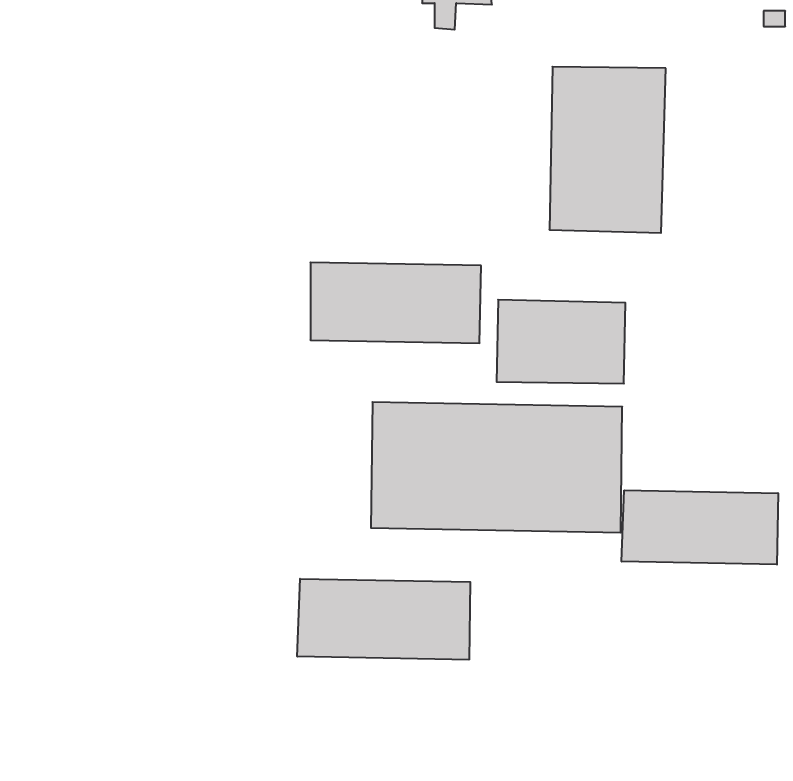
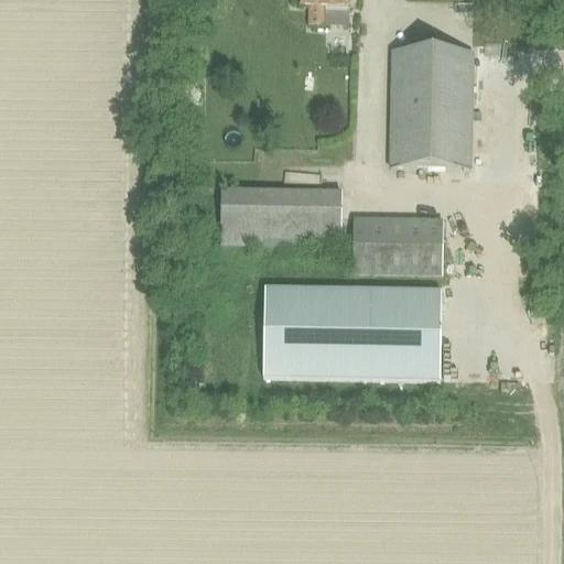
building: [622,490,778,565] -> none
building: [297,579,470,660] -> none

